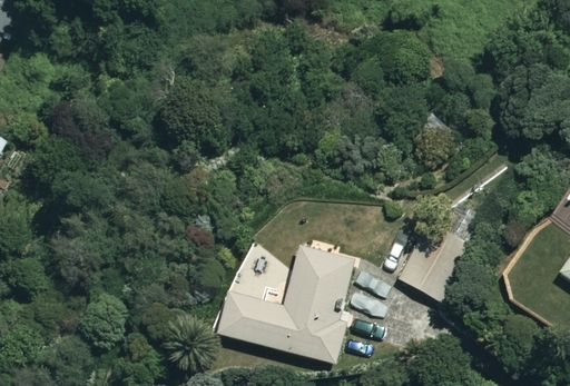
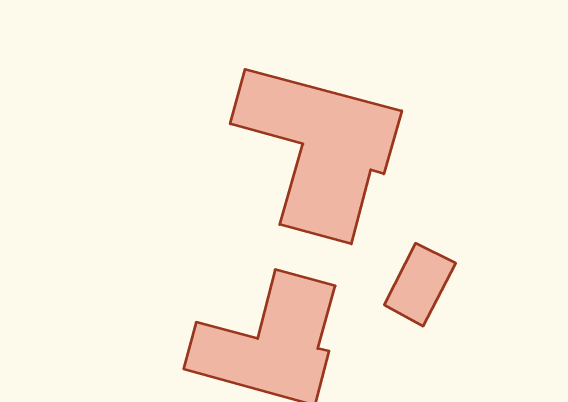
building: none -> [230,69,402,244]

